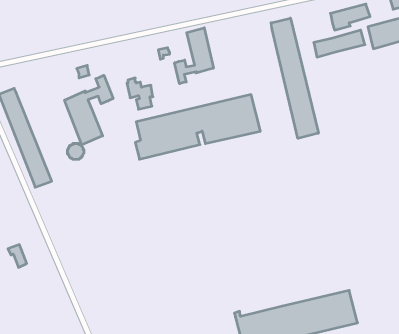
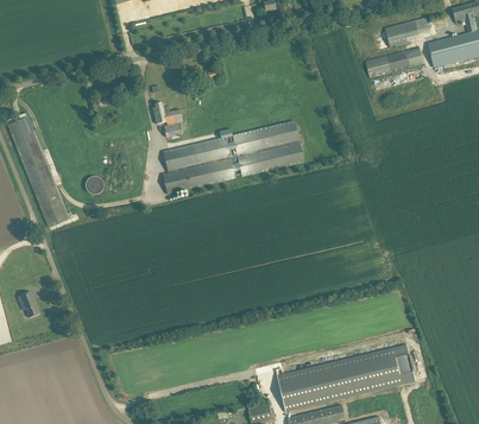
building: [271,18,318,138] -> none
building: [175,28,213,84] -> none
building: [65,75,113,145] -> none

